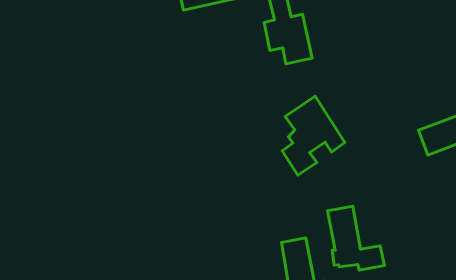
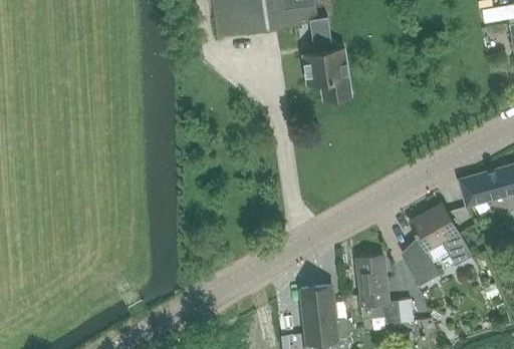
building: [282,96,345,175] -> [404,205,471,287]

